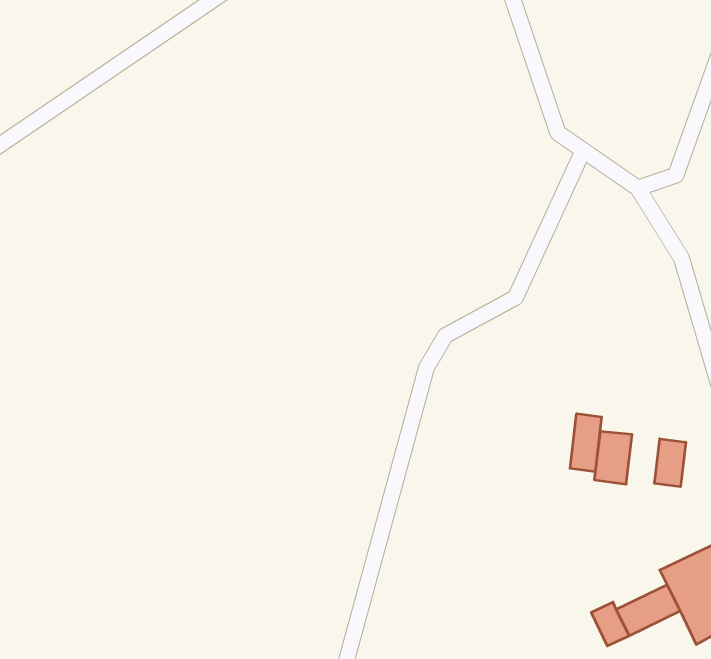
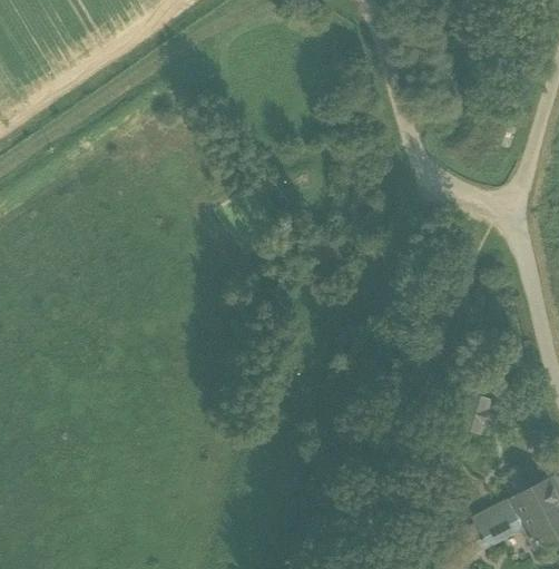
building: [570,414,602,472] -> none
building: [654,439,686,487] -> none

